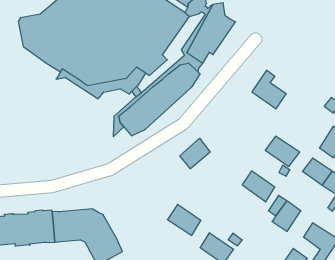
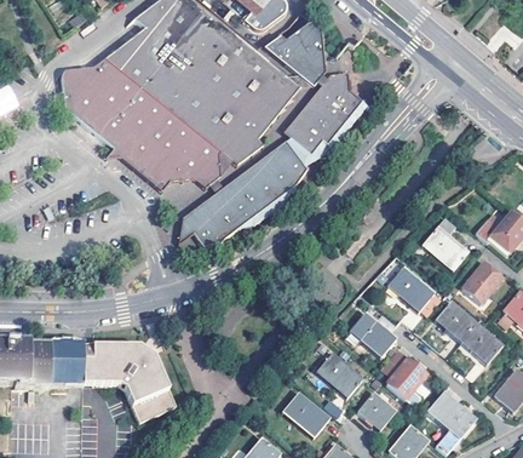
building: [252,70,286,109] -> [420,216,467,270]
building: [180,138,210,169] -> none
building: [167,204,201,235] -> [316,351,362,396]
building: none -> [357,393,395,429]

